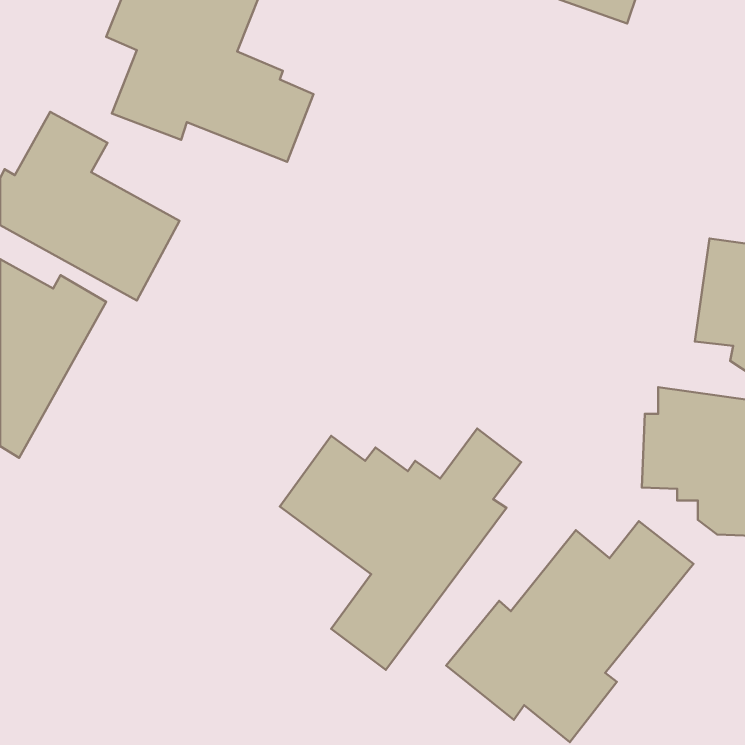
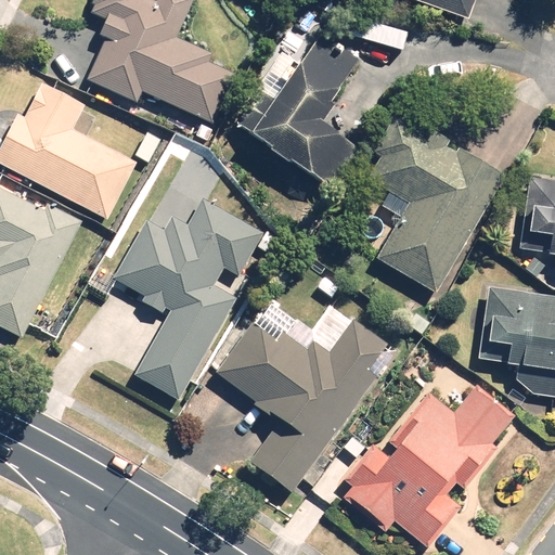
building: none -> [237,30,358,193]
building: none -> [366,115,504,292]
building: none -> [111,198,264,399]

